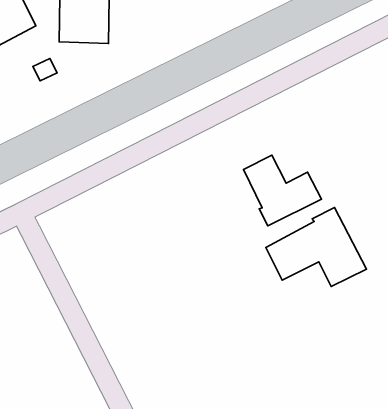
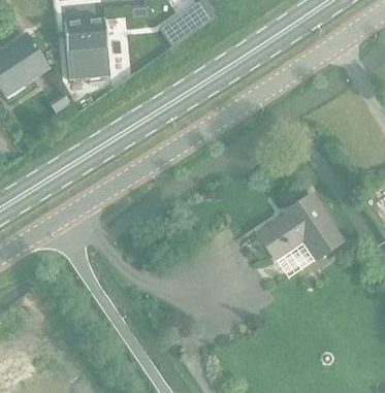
building: [244,155,322,226] -> none

